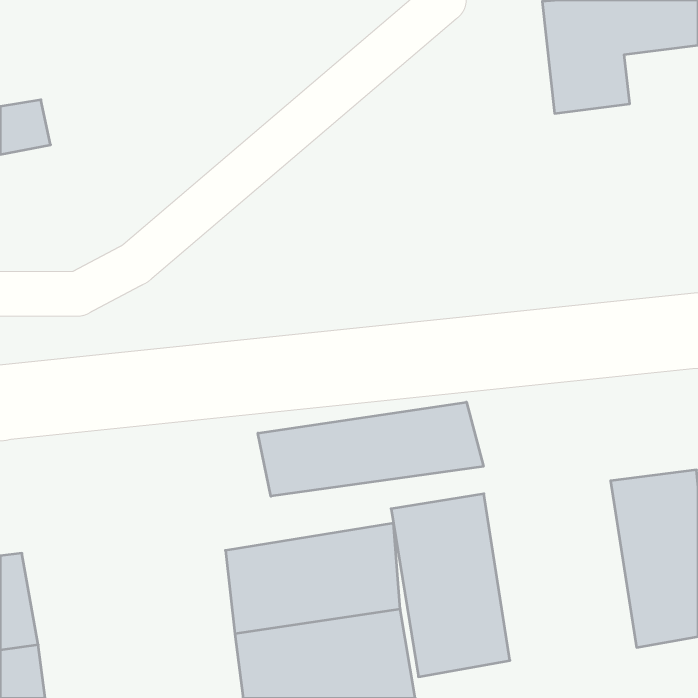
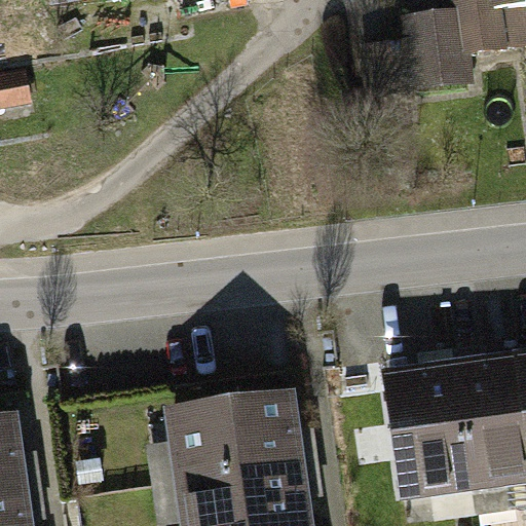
building: [258,402,483,496] -> none
building: [391,494,510,677] -> [389,362,479,499]

